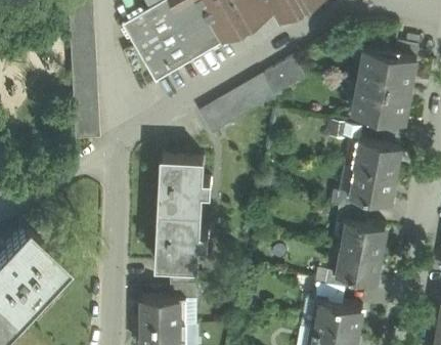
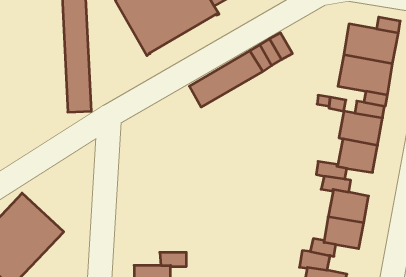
building: [156,162,210,272] -> none

